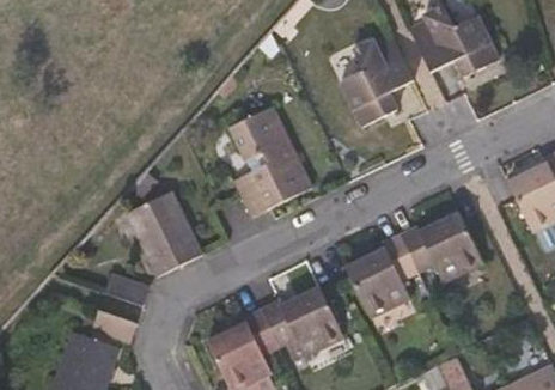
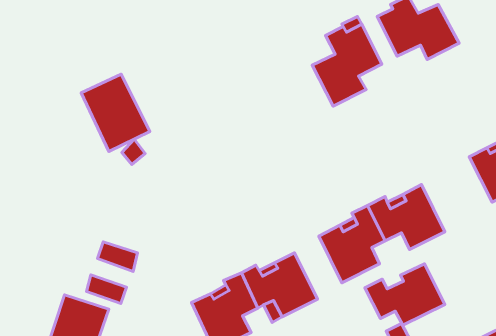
building: [231,106,312,217] -> none
building: [128,193,202,276] -> [81,74,150,151]
building: none -> [365,264,445,325]

